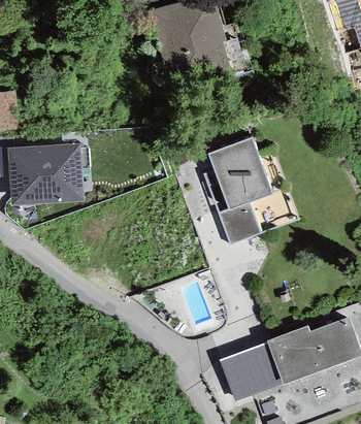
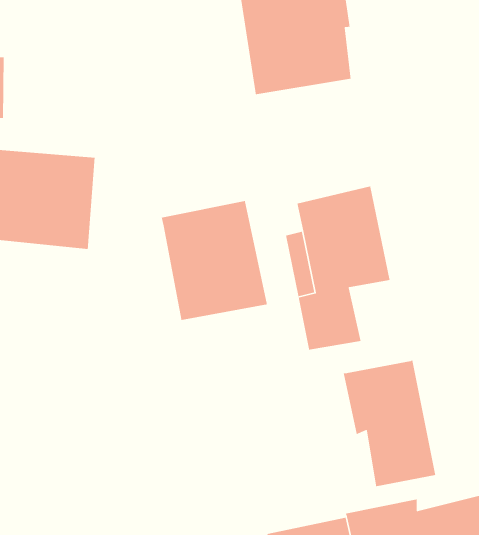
building: none -> [161,200,268,321]
building: none -> [343,359,436,487]

